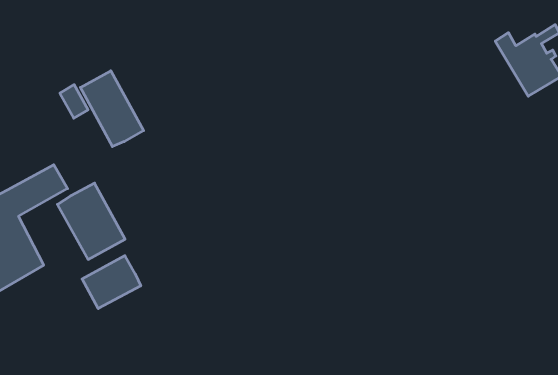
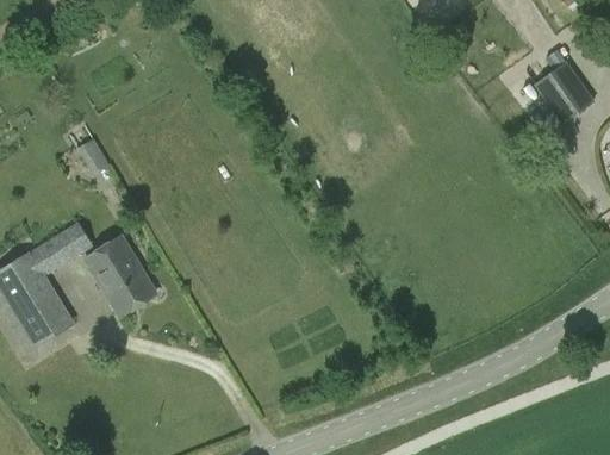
building: [80,71,144,147] -> none
building: [82,256,141,309] -> none

